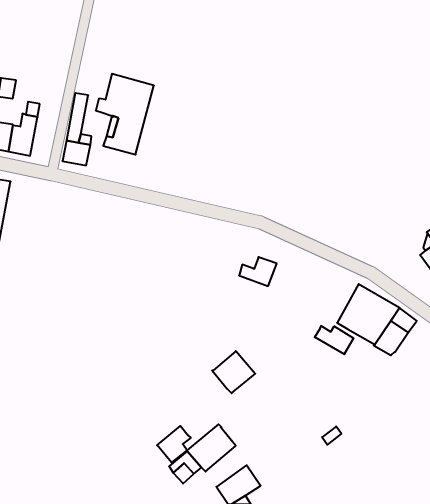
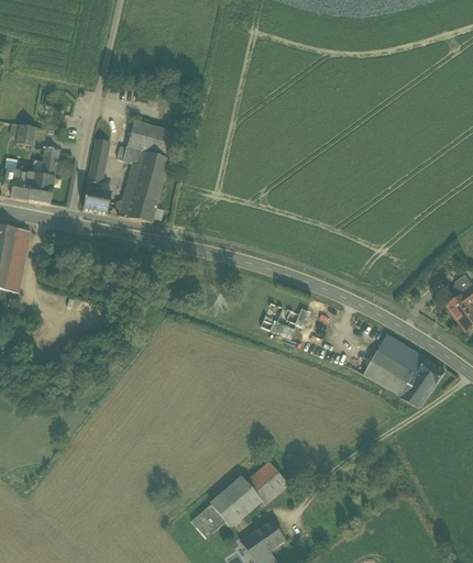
building: none -> [116,194,157,222]
building: [315,326,353,354] -> none
building: [212,351,255,393] -> [244,461,288,504]
building: [157,426,191,462] -> none

